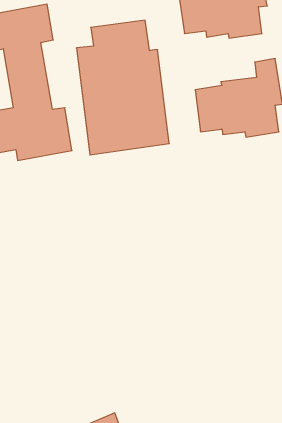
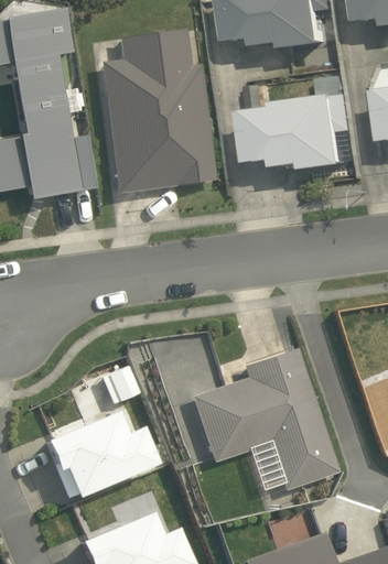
building: none -> [191,348,341,490]
building: none -> [42,411,154,498]

